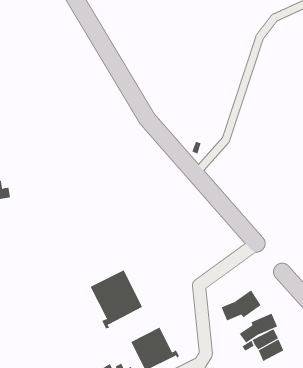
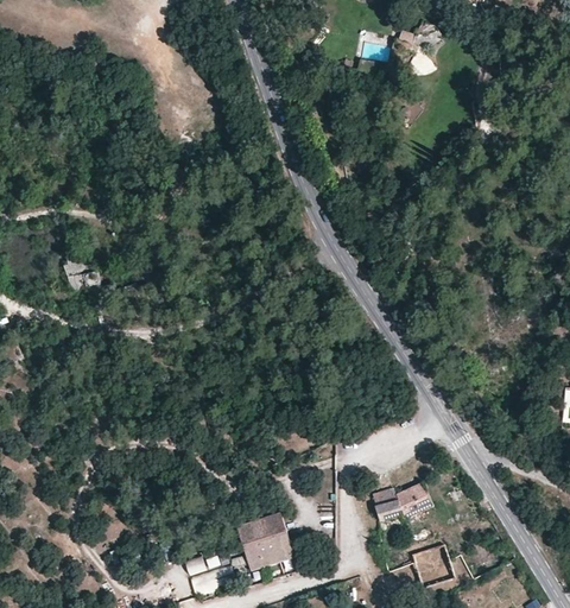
building: [90,269,143,329] -> none
building: [239,313,278,343] -> none

